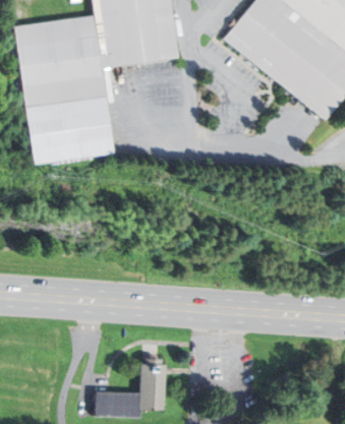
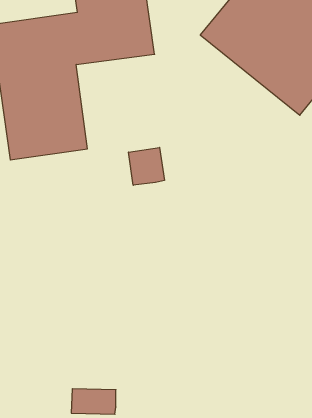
building: none -> [129,147,164,185]
building: [139,364,164,411] -> none

